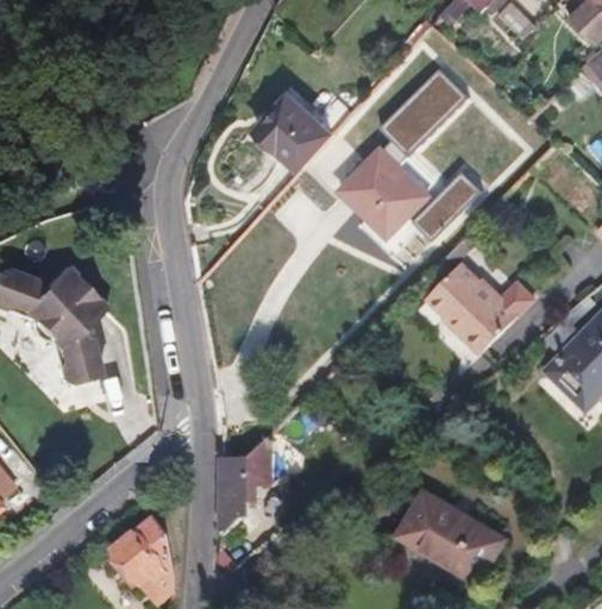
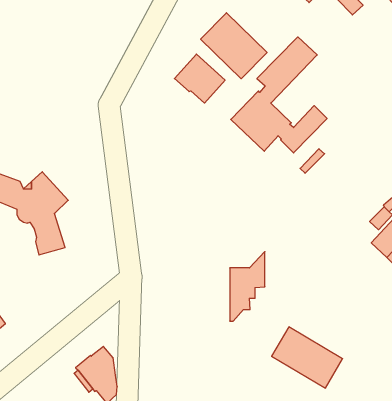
building: none -> [201,13,267,79]
building: [427,262,534,350] -> none
building: [221,433,272,534] -> [230,252,265,321]

